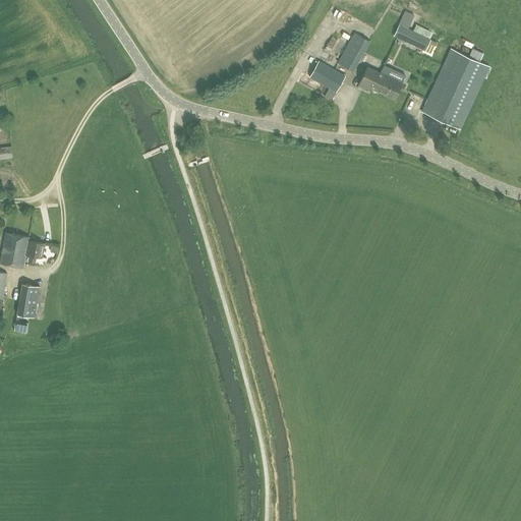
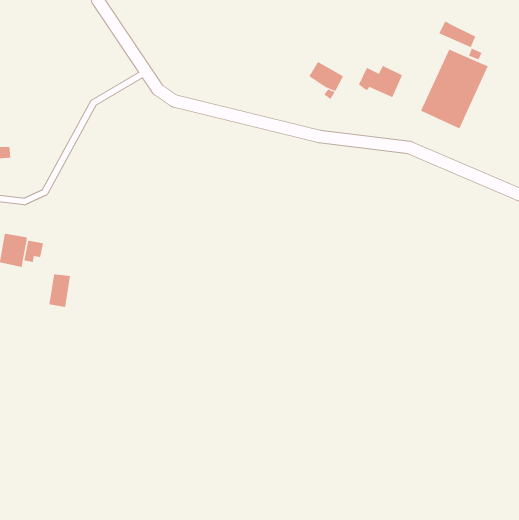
building: [392,23,429,51] -> [439,20,476,48]
building: [337,33,369,71] -> none
building: [16,284,39,317] -> [48,274,71,307]

